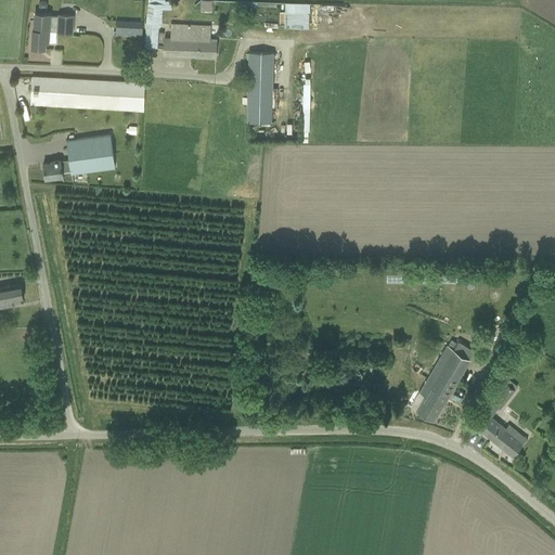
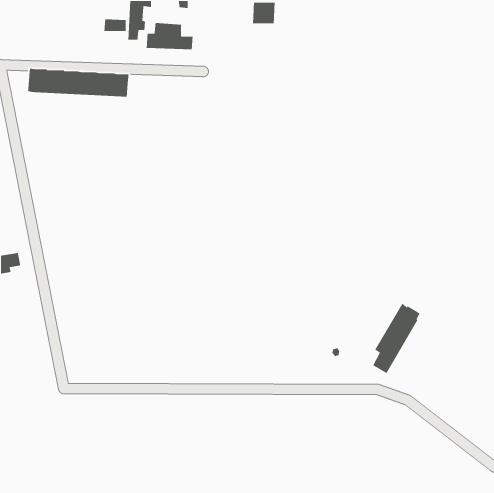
building: [31,14,74,49] -> none
building: [247,53,273,122] -> none
building: [43,134,115,179] -> none
building: [479,417,524,457] -> none

